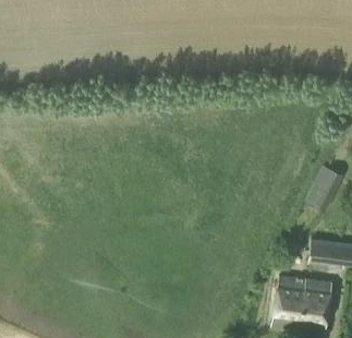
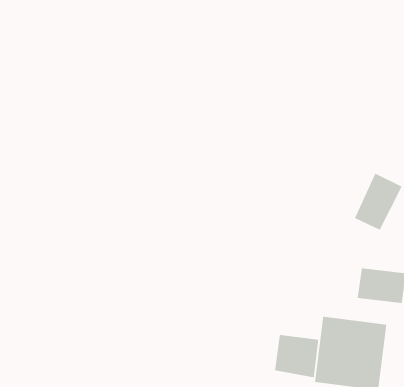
building: none -> [274,334,319,378]

